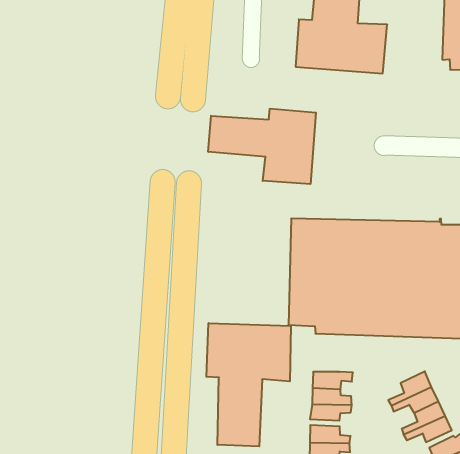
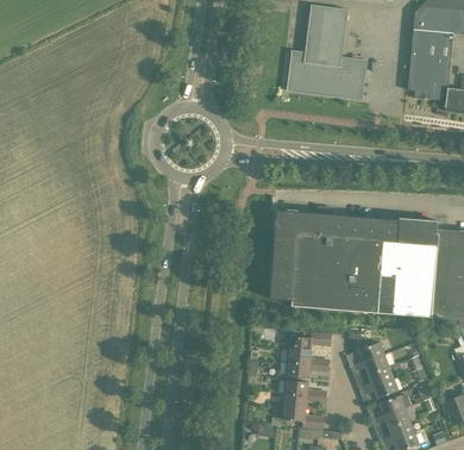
building: [208,109,316,184] -> none
building: [206,323,291,446] -> none

